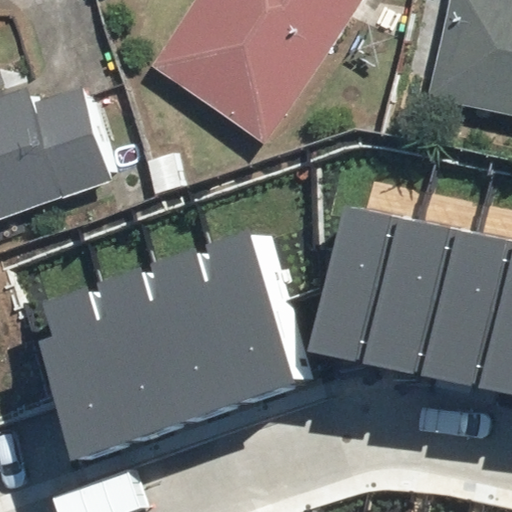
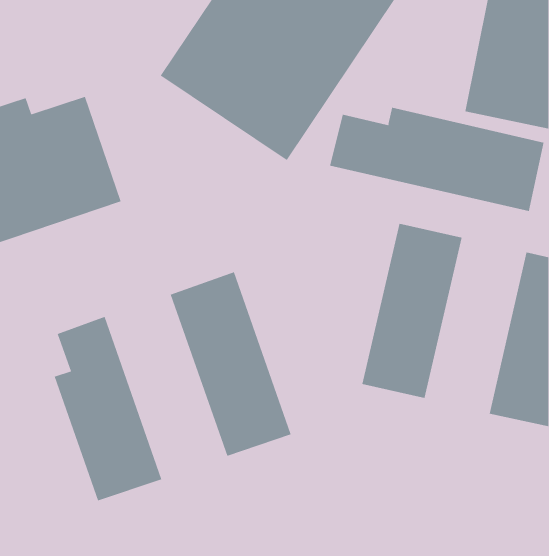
building: none -> [330,107,544,212]
building: [388,217,480,378] -> none
building: [214,228,325,397] -> none
building: [96,269,207,438] -> none

